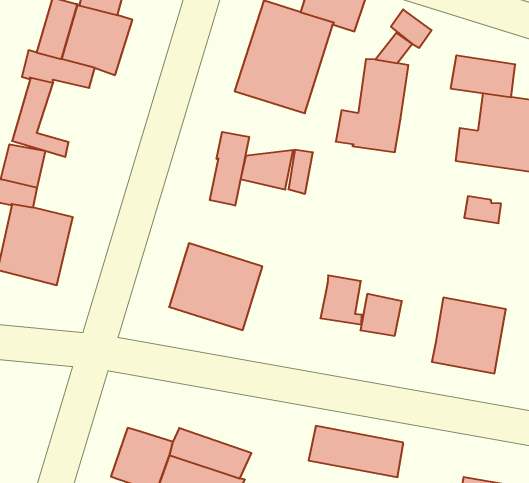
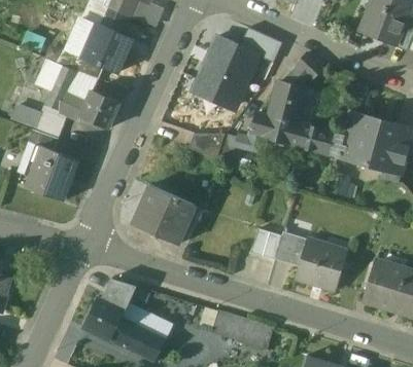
building: [451,55,515,97] -> [288,121,332,152]
building: none -> [78,89,117,129]
building: [210,132,249,206] -> none
building: [320,275,362,325] -> [274,232,303,266]
building: none -> [101,279,135,309]

